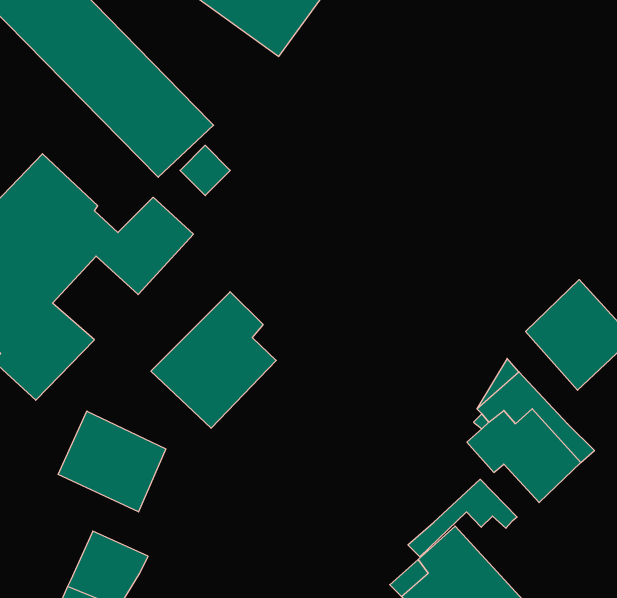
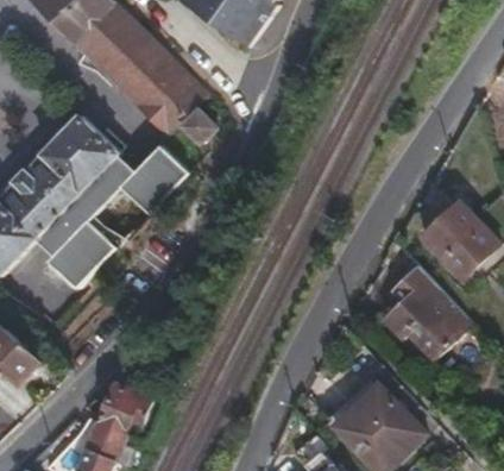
building: [151,292,276,428] -> none
building: [58,411,166,512] -> none
building: [408,479,517,557] -> none

